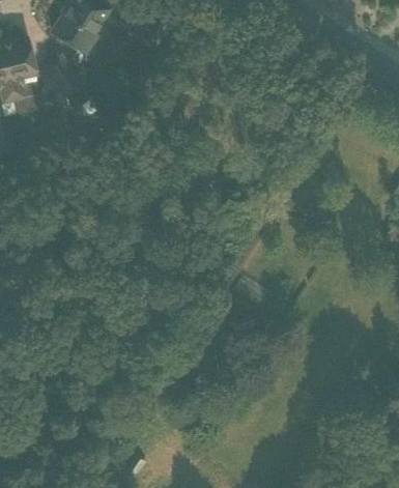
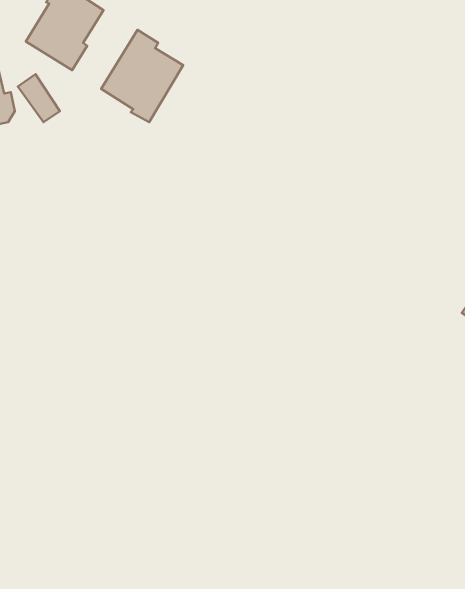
building: none -> [101,30,183,122]

